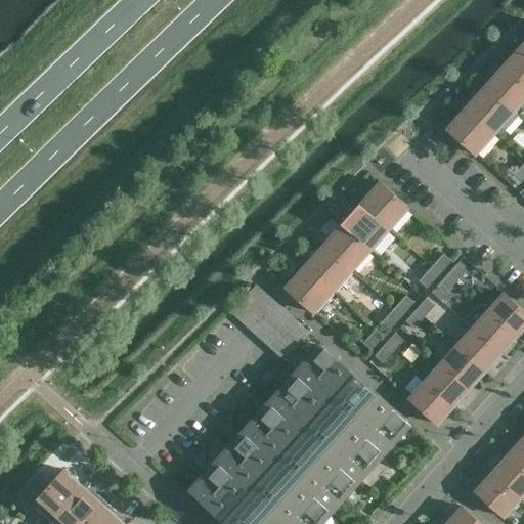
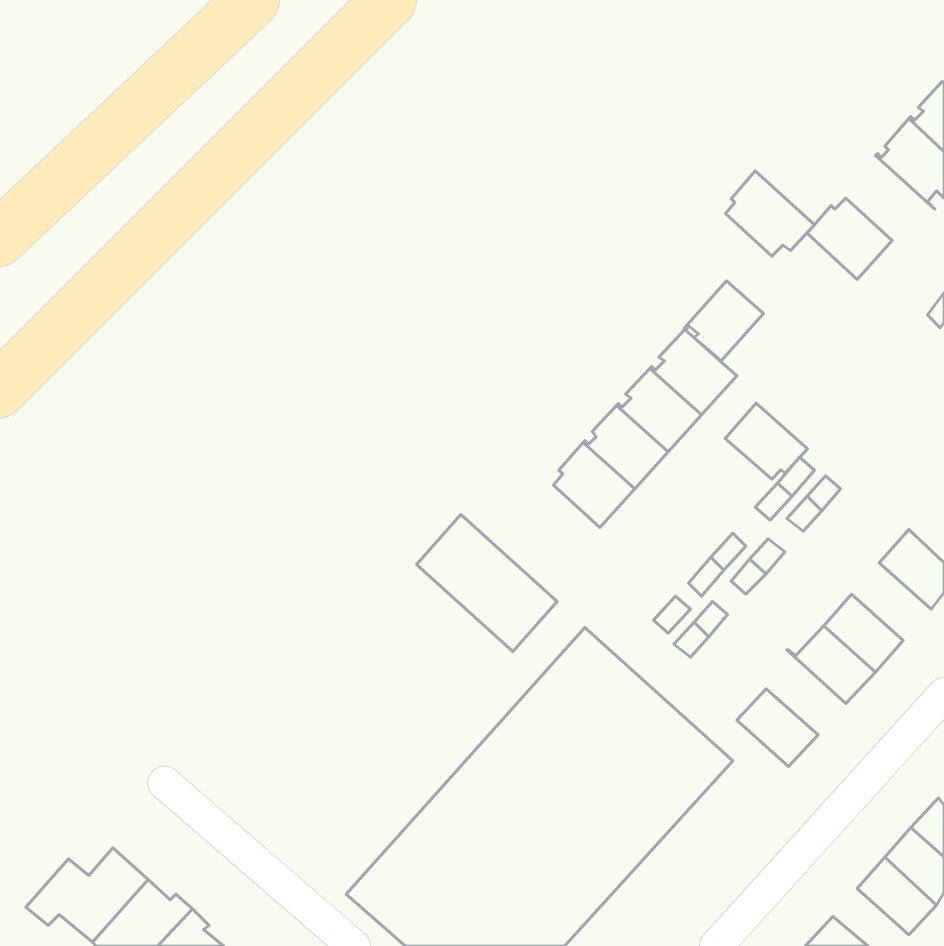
building: [468,86,517,133] -> [726,171,814,256]
building: none -> [684,281,763,361]
building: none -> [725,403,807,479]
building: [285,268,332,313] -> none
building: [471,311,515,354] -> none
building: [422,359,468,406] -> none

